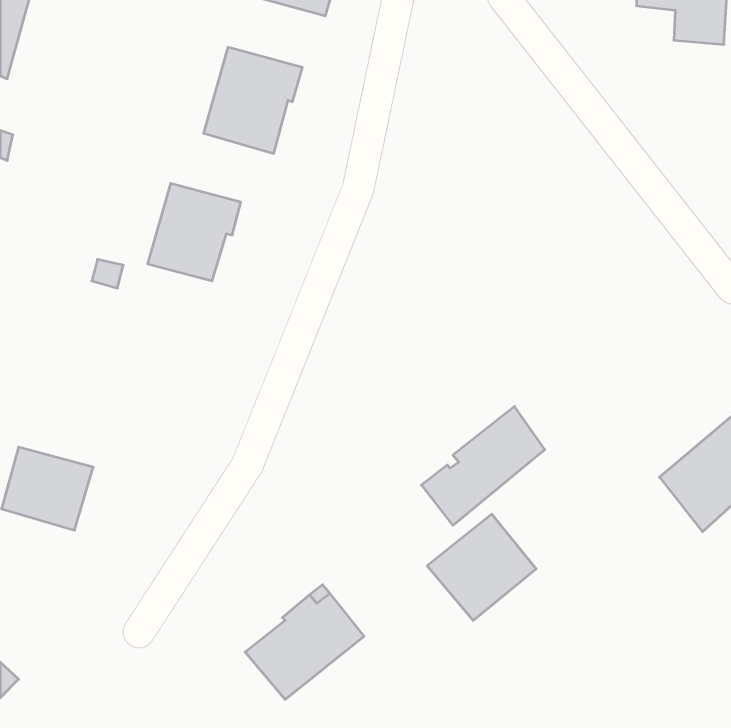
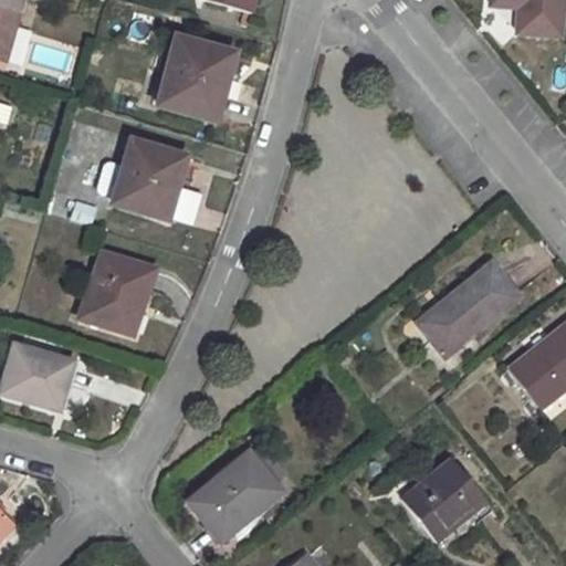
building: none -> [81,252,156,333]
building: [421,406,545,525] -> [421,264,516,356]
building: [427,514,536,620] -> [402,458,486,539]

